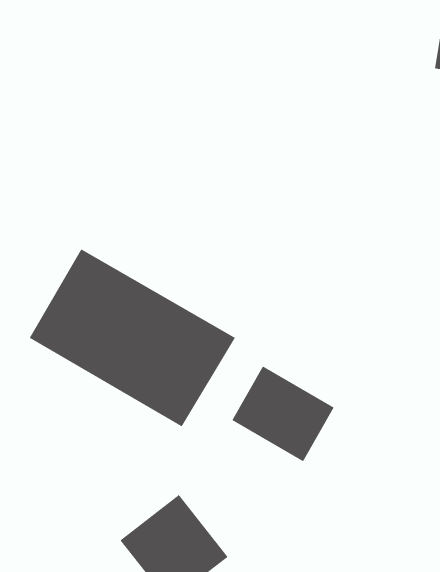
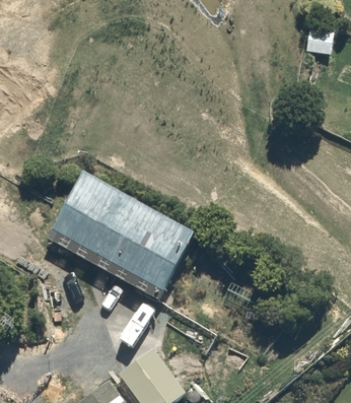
building: [232,366,335,462] -> none

